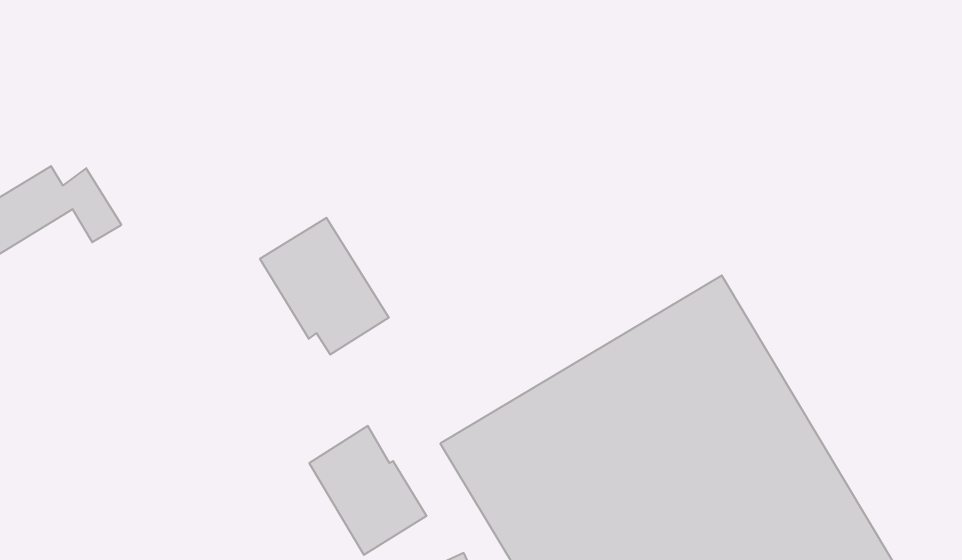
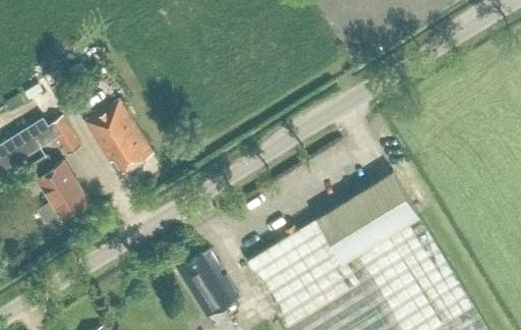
building: [260,218,389,355] -> [84,101,152,172]
building: none -> [27,153,90,221]

